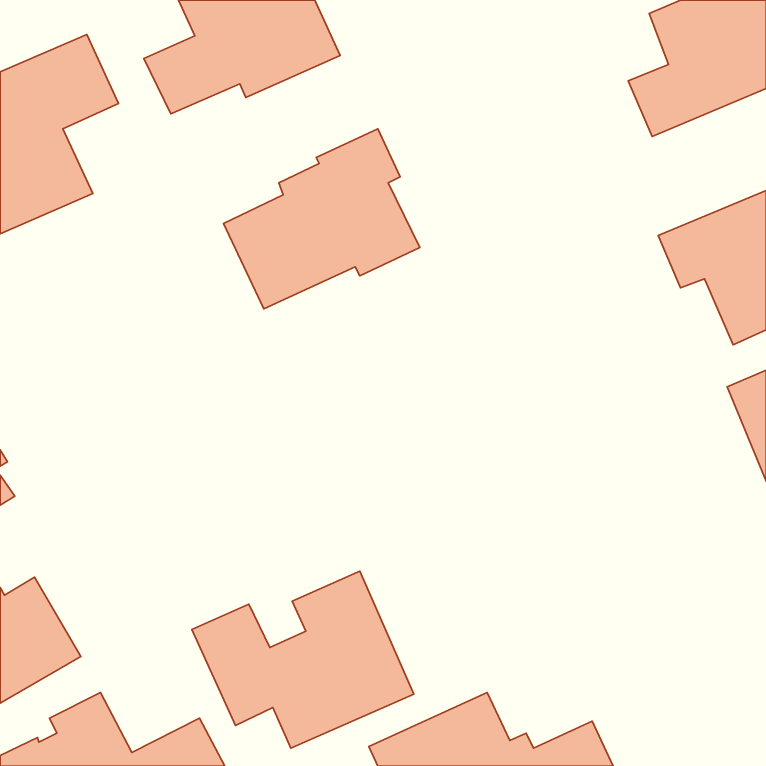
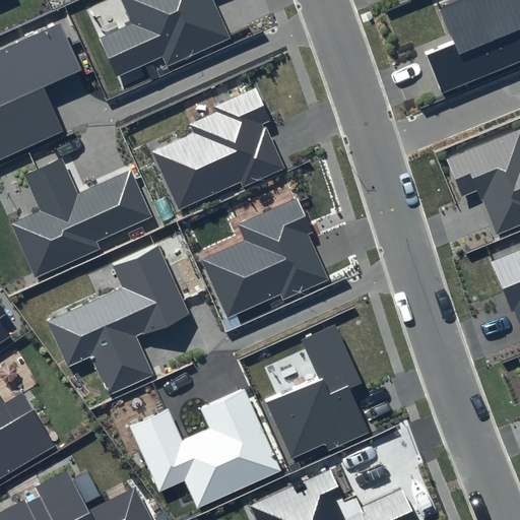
building: none -> [11,157,152,277]
building: none -> [199,197,328,319]
building: none -> [47,243,189,395]
building: none -> [267,324,370,459]

